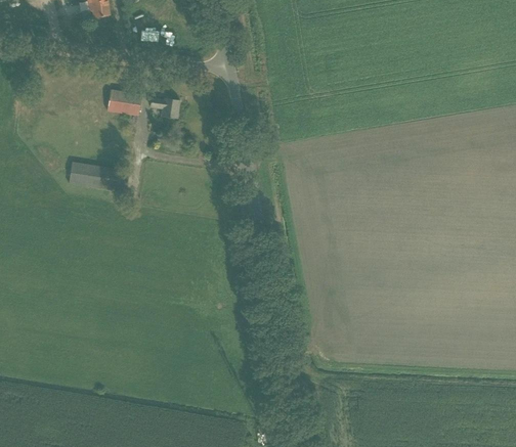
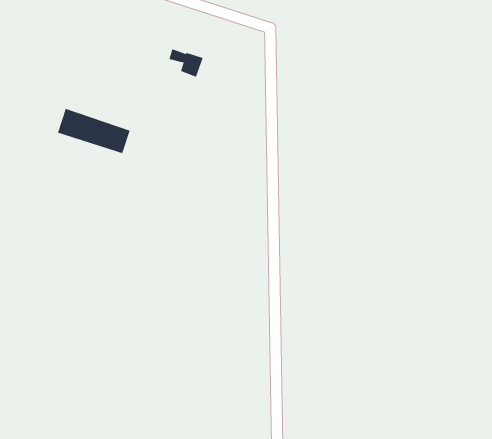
building: [106,89,141,115] -> none

